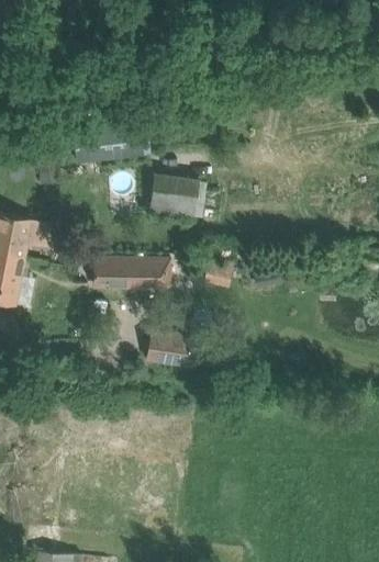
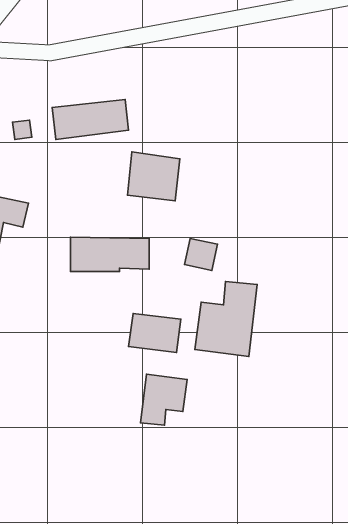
building: none -> [195,282,257,357]
building: none -> [141,374,187,425]

